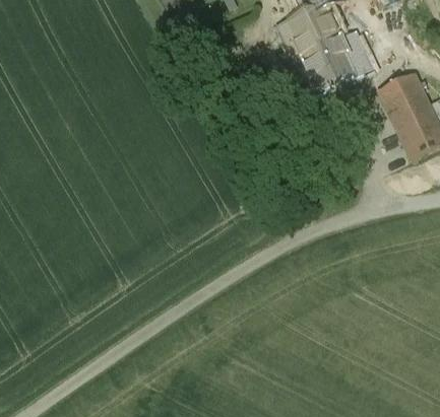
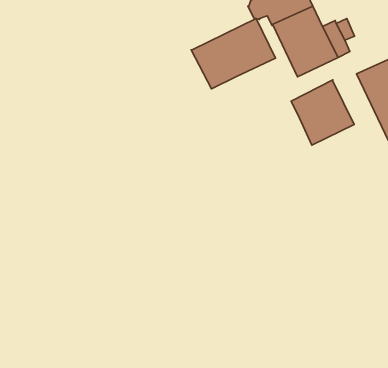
building: none -> [191,19,276,89]
building: none -> [291,80,354,145]

